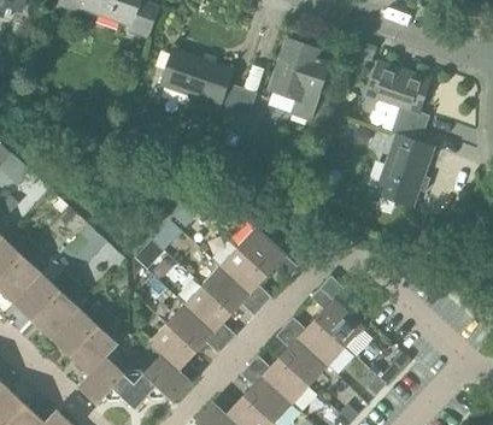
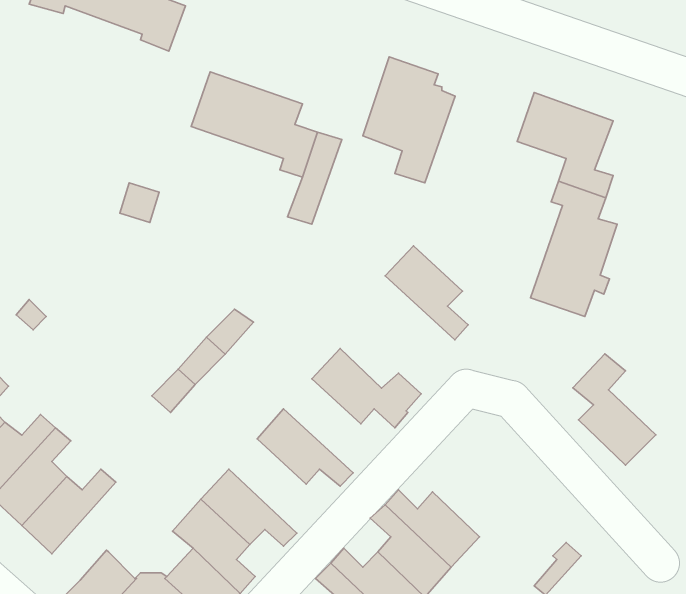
building: [218,246,271,306] -> [385,246,468,340]
building: [310,276,363,347] -> [573,354,656,465]
building: [183,284,236,344] -> none
building: [70,312,119,374] -> none

